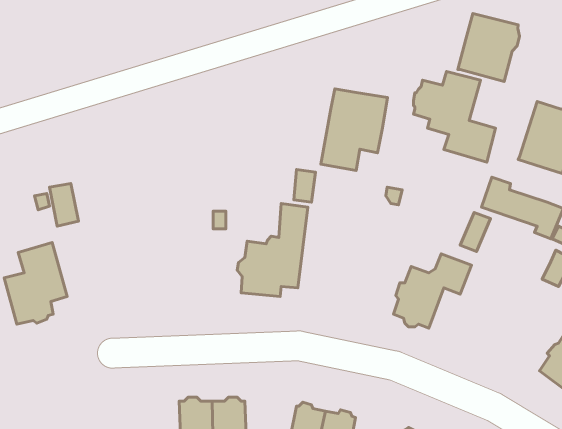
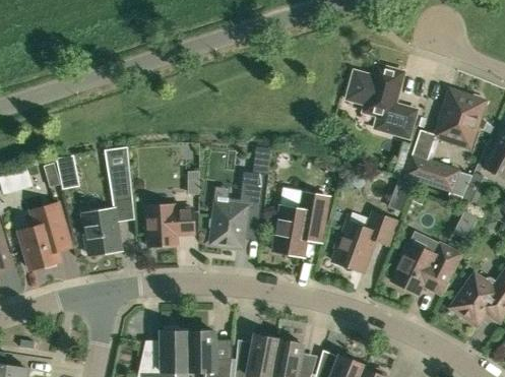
building: [458,14,520,81] -> none
building: [321,89,388,170] -> [273,190,327,256]
building: none -> [105,147,132,201]
building: none -> [145,204,194,247]
building: none -> [82,209,121,255]
building: none -> [391,242,461,295]

